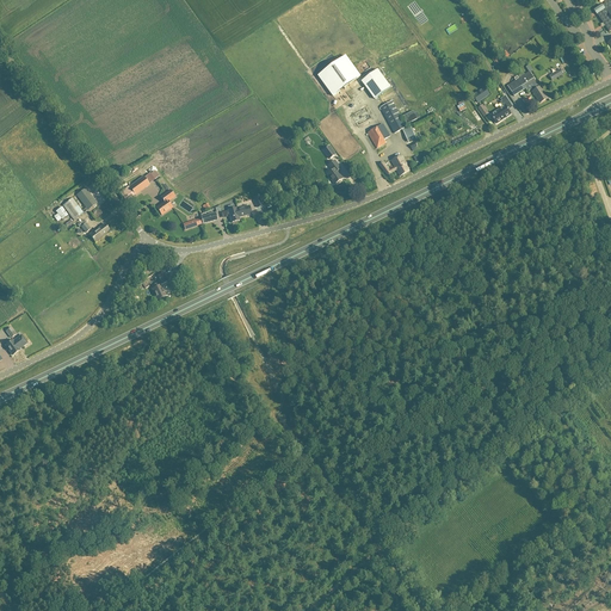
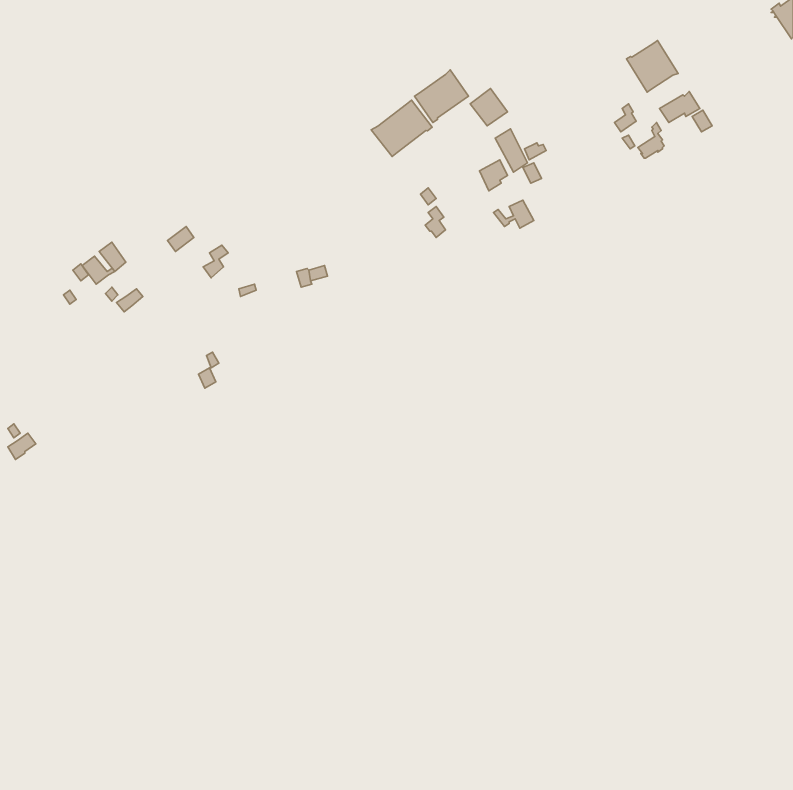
building: none -> [627,40,678,92]
building: none -> [371,100,432,157]

